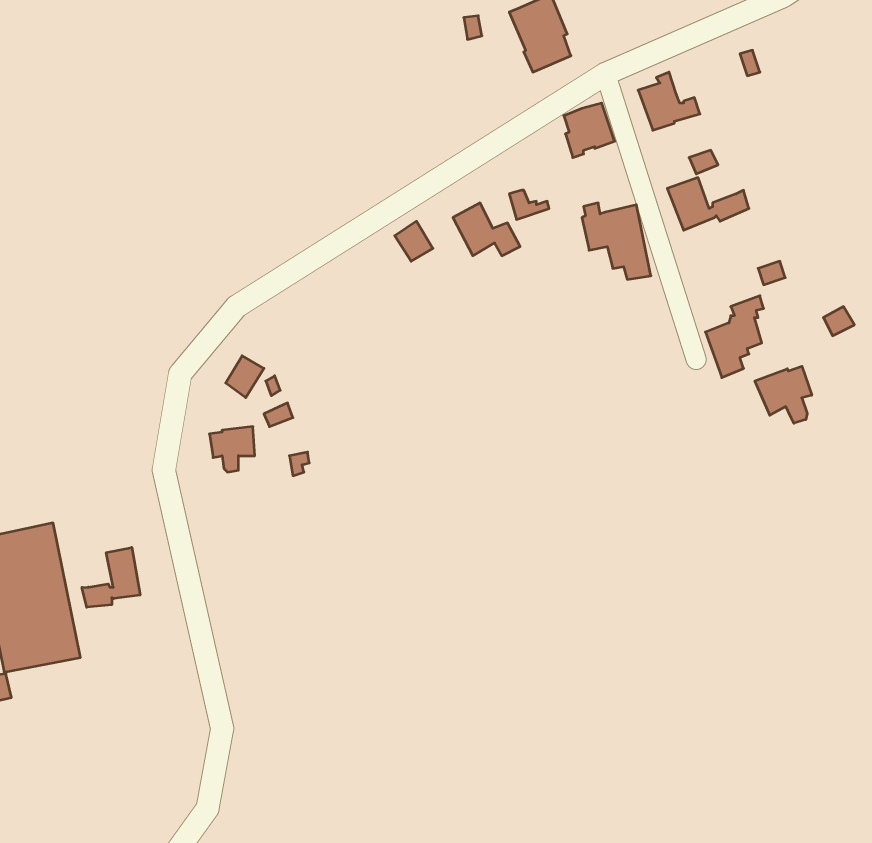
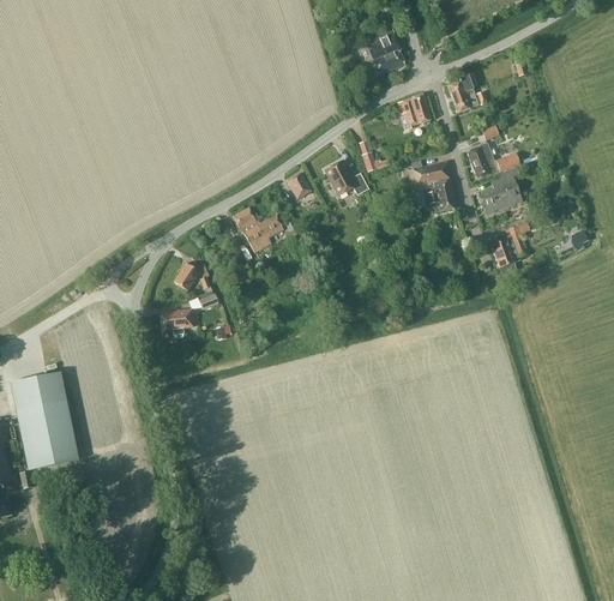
building: none -> [477,166,523,212]
building: none -> [233,206,283,252]
building: [755,366,812,423] -> none
building: [82,547,140,607] -> none

